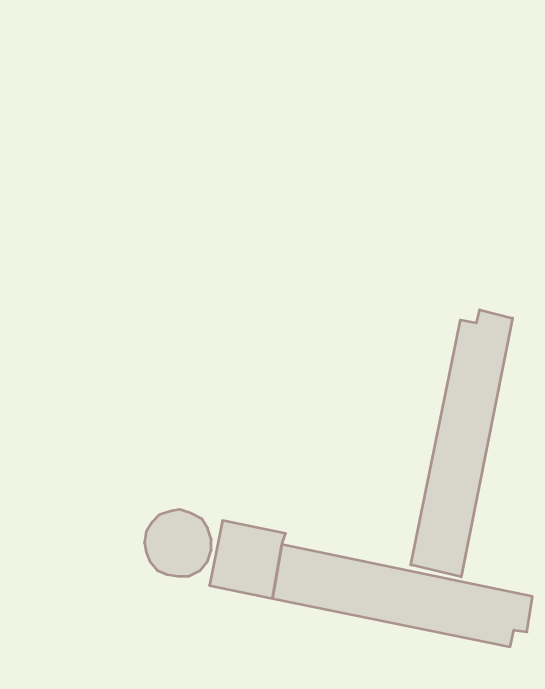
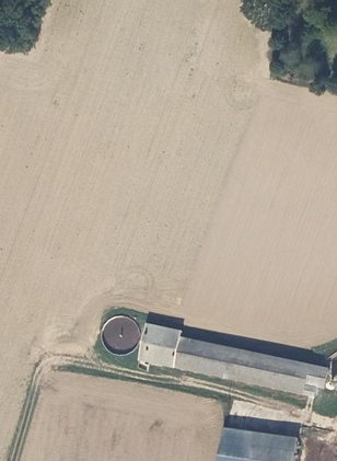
building: [411,310,513,577] -> none

